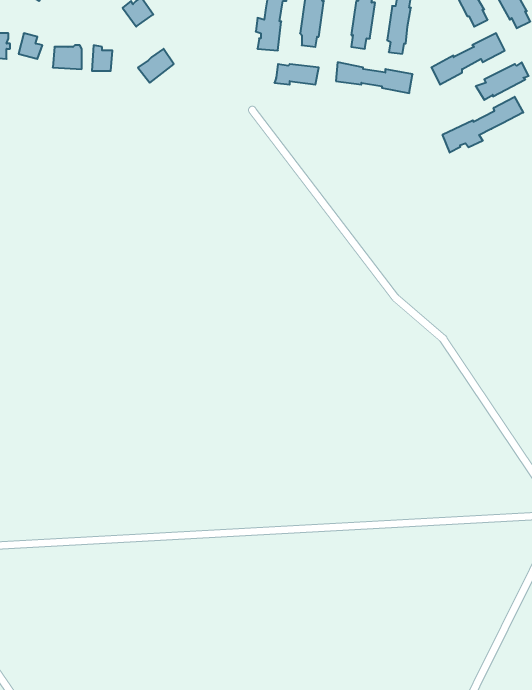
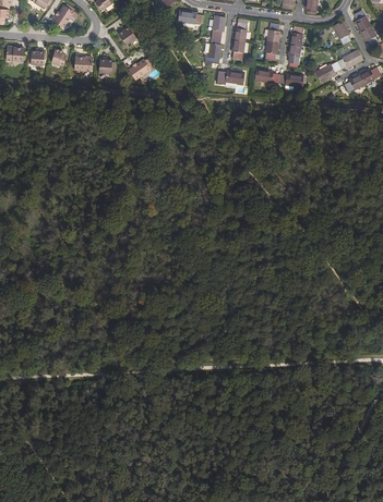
building: [443,97,523,153] -> none

